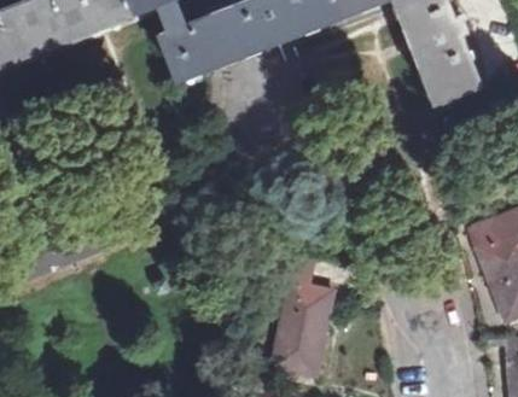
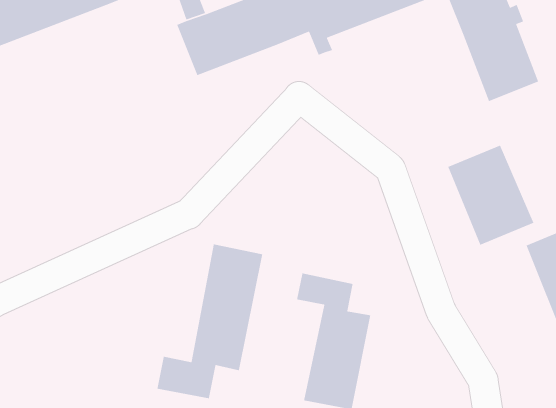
building: none -> [447,145,535,246]
building: none -> [156,243,263,399]

